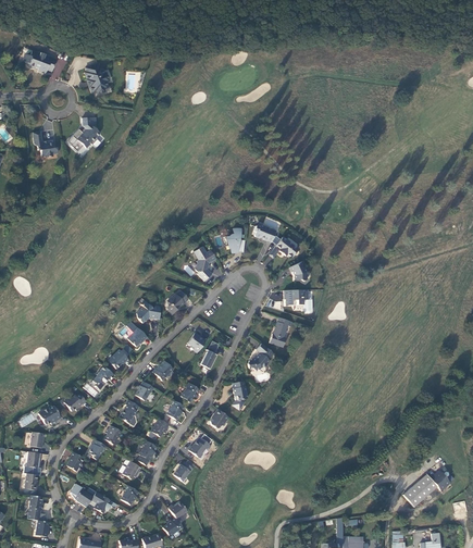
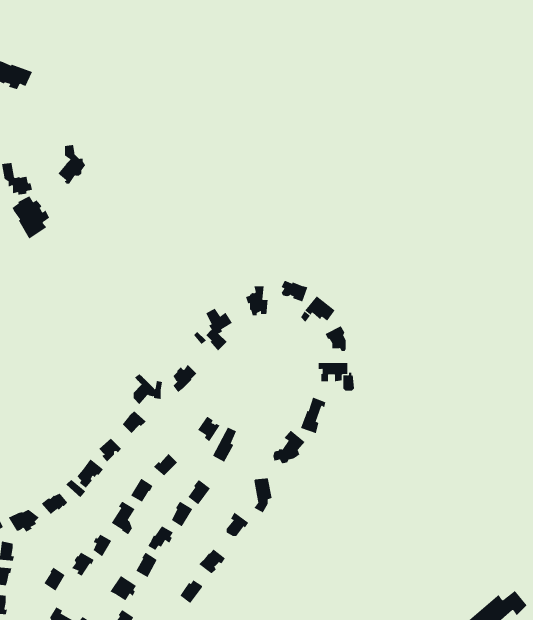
building: [84,63,108,94] -> none
building: none -> [12,196,50,239]

